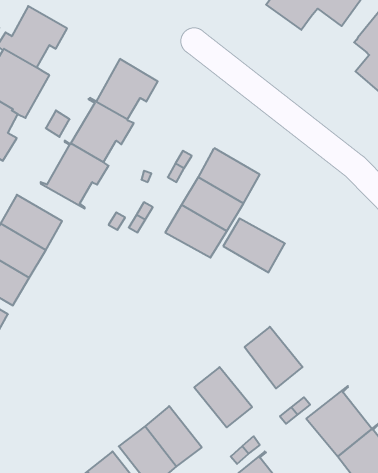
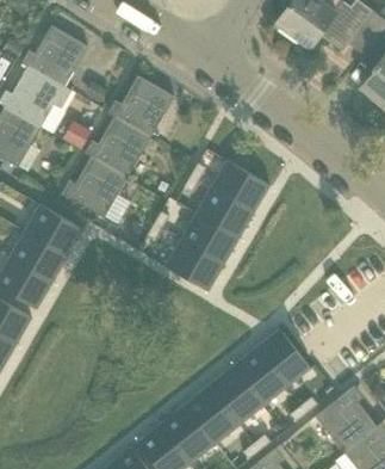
building: [223,218,285,272] -> [166,240,224,291]
building: none -> [232,348,286,406]
building: none -> [185,387,240,444]

